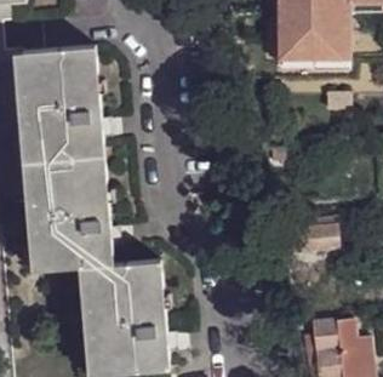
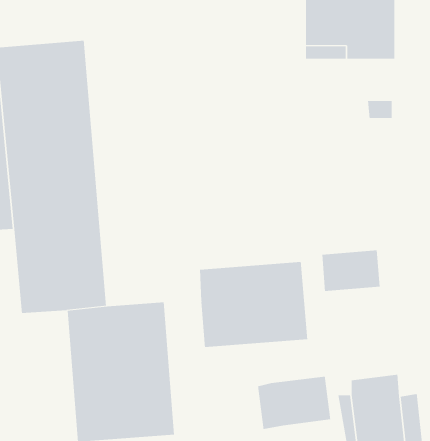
building: none -> [199,261,308,348]
building: none -> [257,376,331,430]

